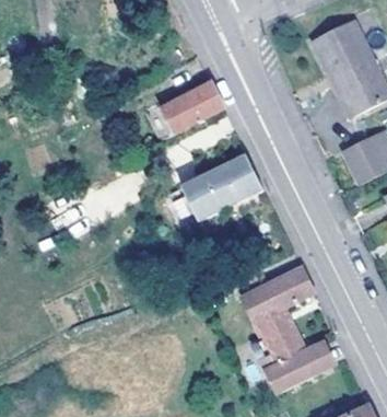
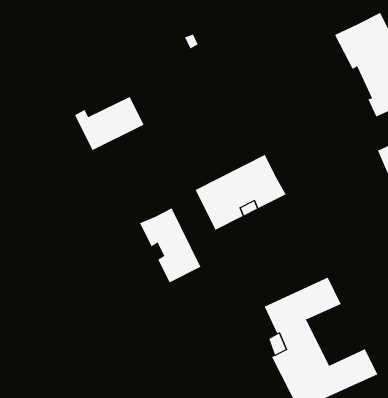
building: [157,79,222,129] -> [74,96,144,151]
building: none -> [139,208,201,283]

